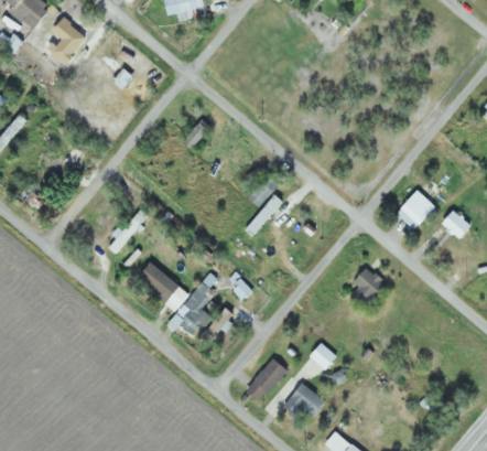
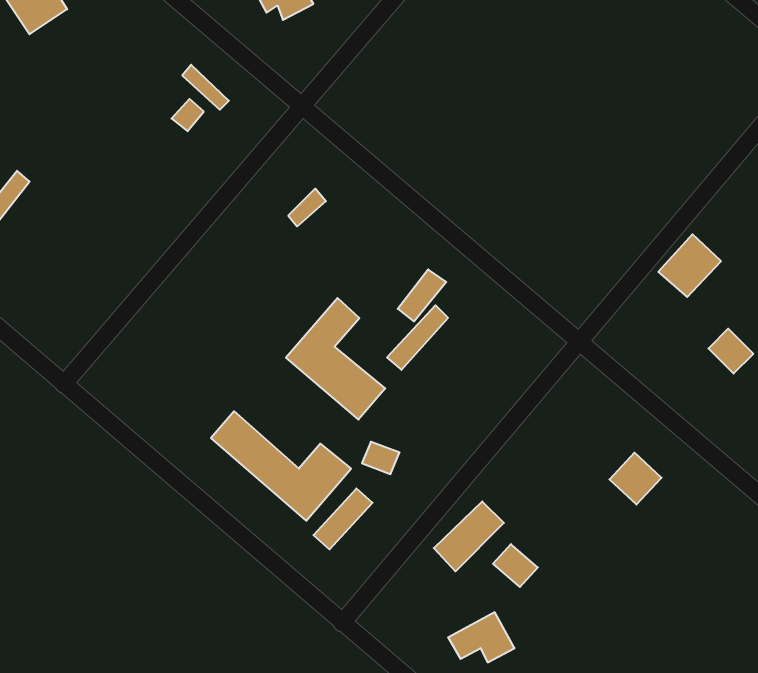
building: [397,190,435,228] -> [658,234,721,297]
building: none -> [286,298,385,420]
building: [351,267,383,299] -> [609,453,662,505]
building: [245,358,288,401] -> [434,501,504,571]

